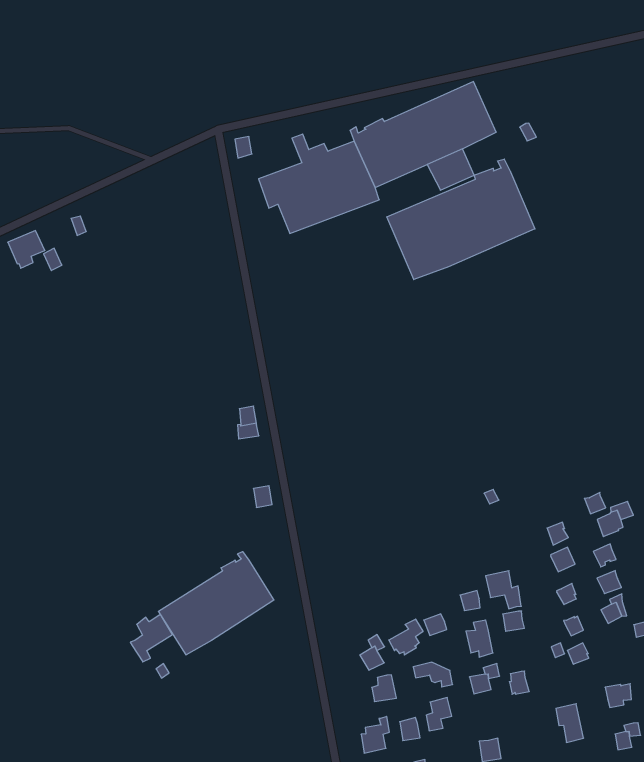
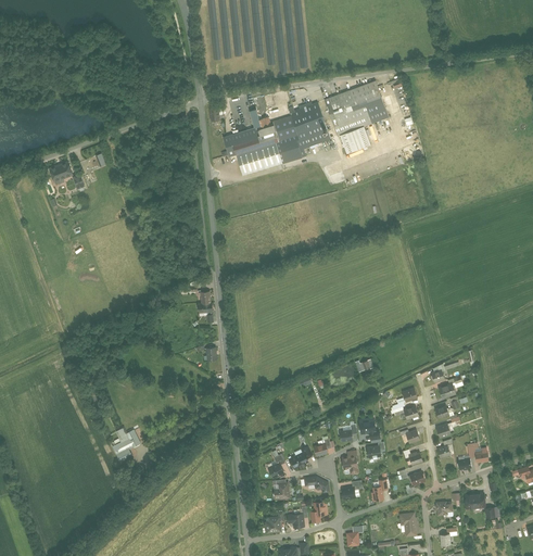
building: [387,159,535,280] -> none
building: [158,552,274,655] -> none

